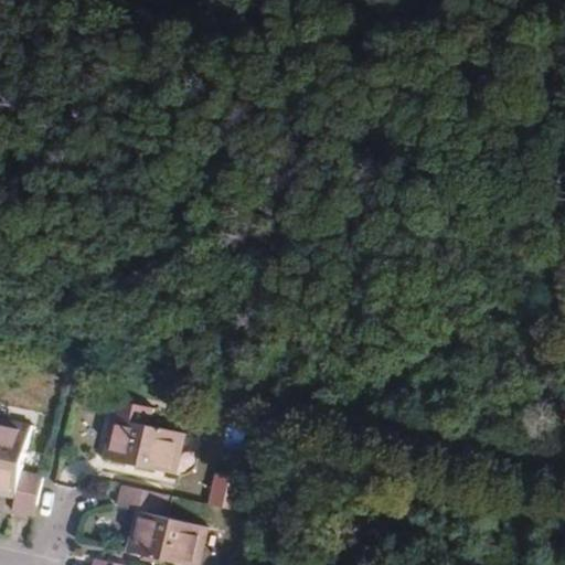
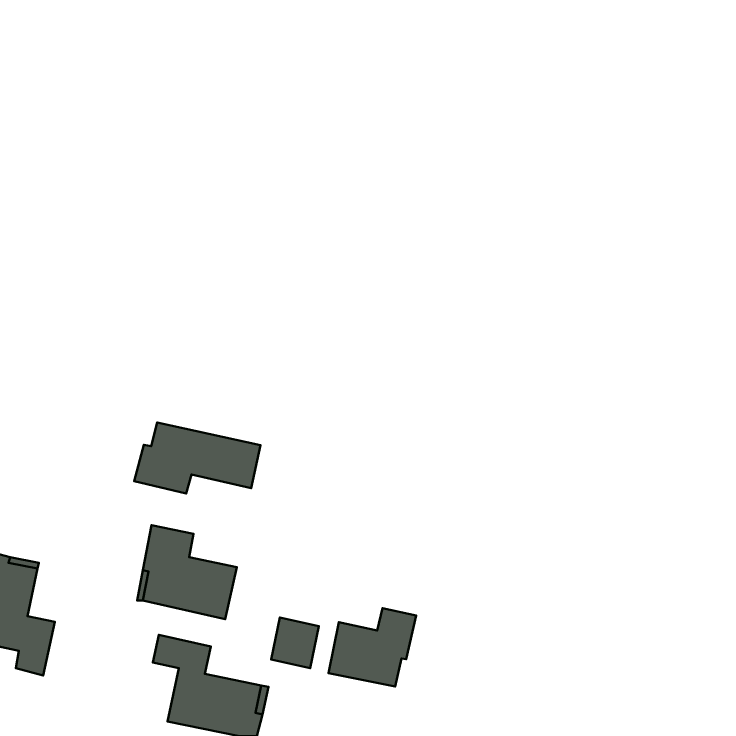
building: none -> [134,423,261,493]
building: none -> [328,608,416,687]

